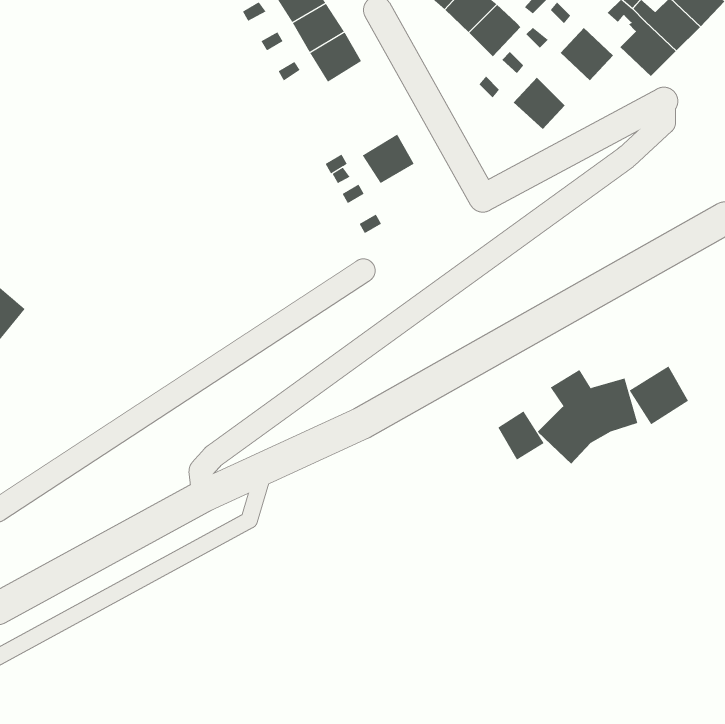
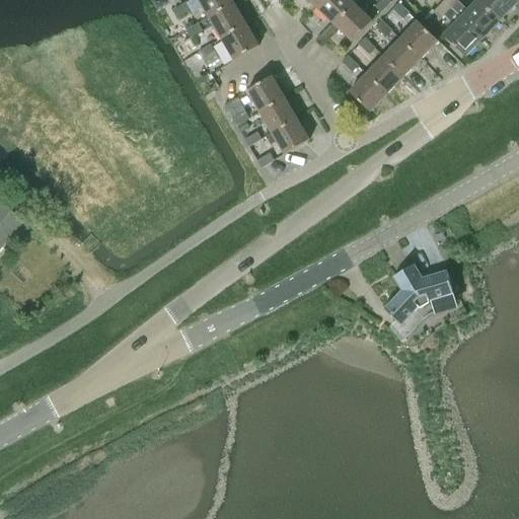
building: none -> [382,38,420,75]
building: none -> [348,73,386,110]
building: none -> [245,74,283,110]
building: none -> [271,117,308,153]
building: [629,366,689,425] -> none
building: [497,411,544,461] -> none

